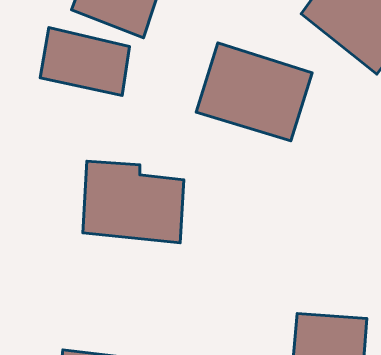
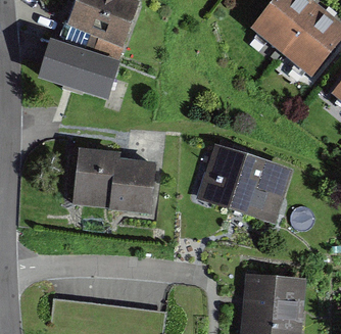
building: [196,43,312,141] -> [197,145,291,225]

